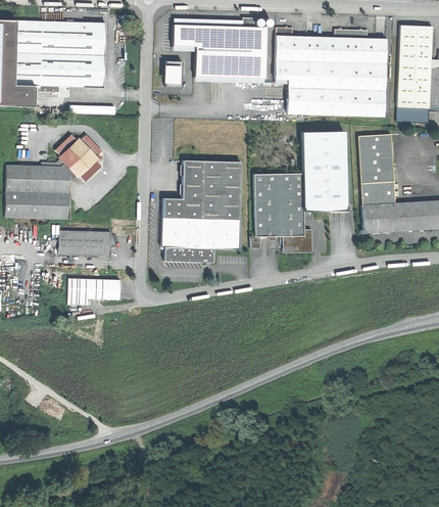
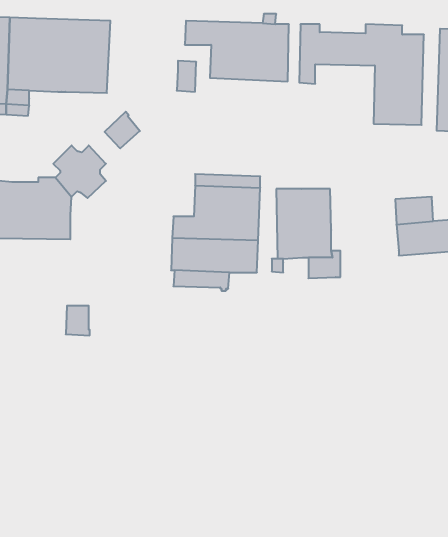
building: [288,62,342,116] -> none
building: none -> [105,112,140,148]
building: [301,132,345,211] -> none
building: [357,134,393,183] -> none
building: [58,230,110,256] -> none
building: [87,278,120,301] -> none

